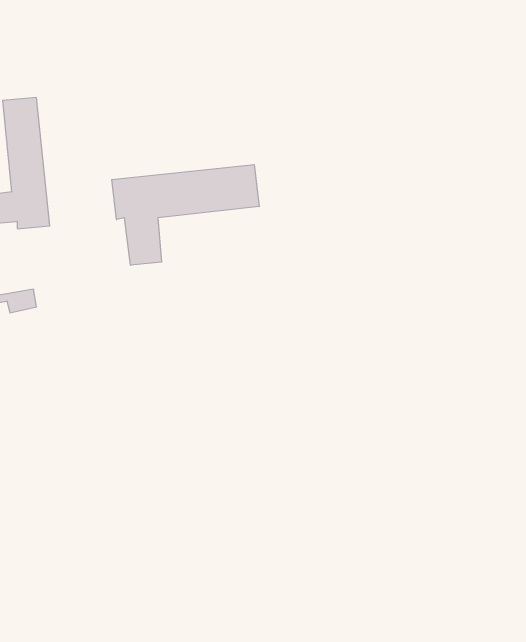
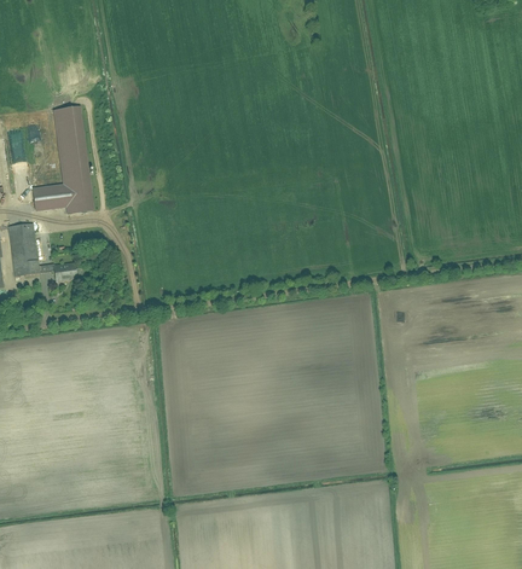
building: [112,165,259,265] -> none

